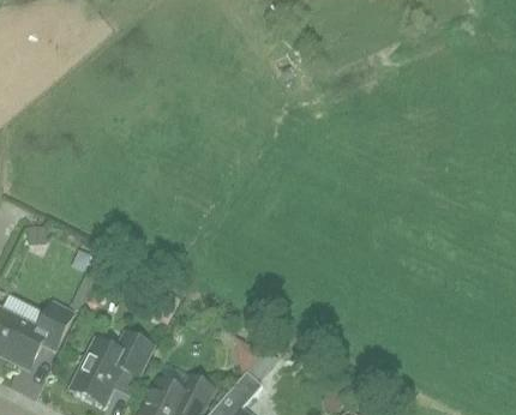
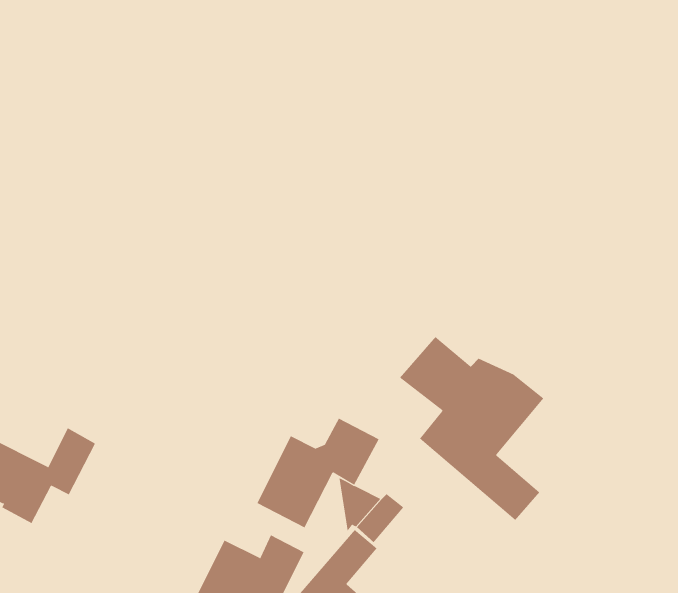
building: none -> [399,336,544,521]
building: [71,329,154,403] -> [257,418,380,528]

